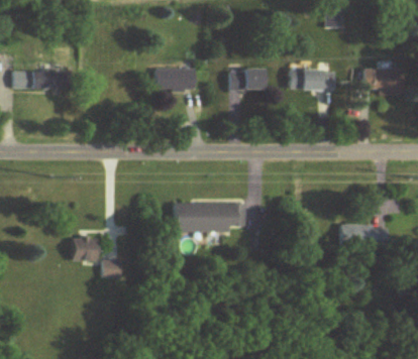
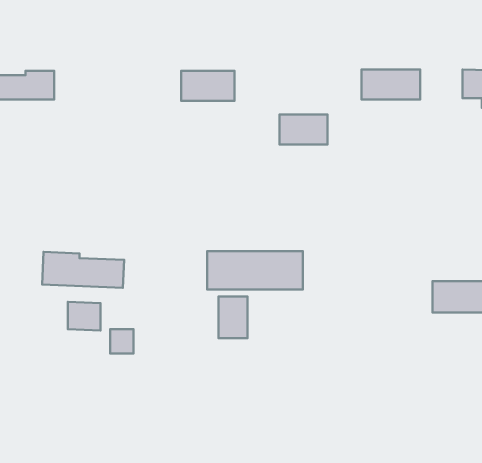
building: [229,68,265,90] -> [280,114,327,145]
building: none -> [42,252,124,288]
building: none -> [218,296,247,338]

